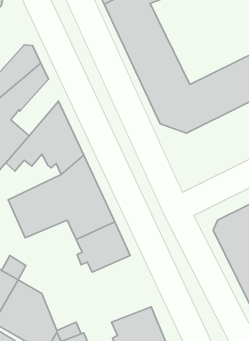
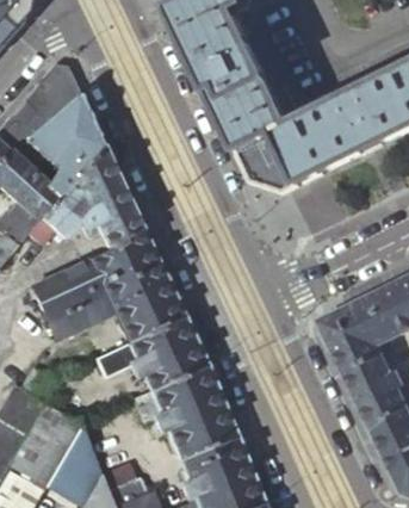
building: none -> [47,114,103,194]
building: none -> [134,364,234,458]

